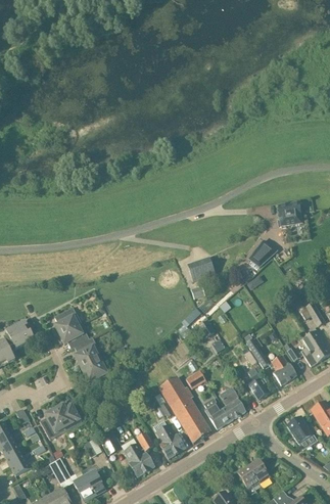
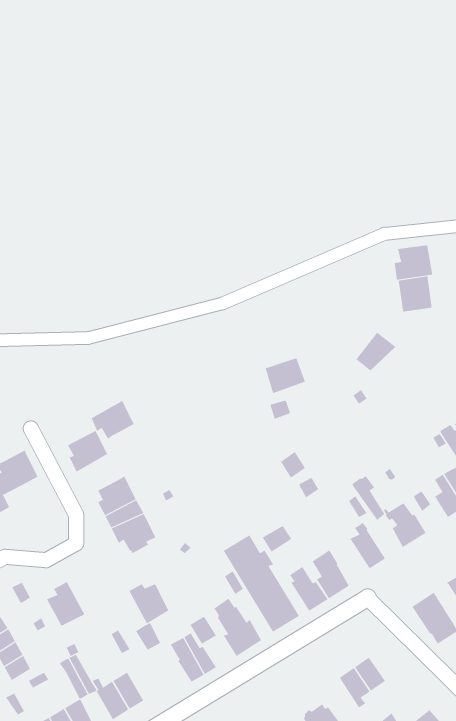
building: none -> [394,244,433,280]
building: [59,322,89,349] -> [91,400,135,439]
building: [53,403,81,430] -> [128,583,169,624]

